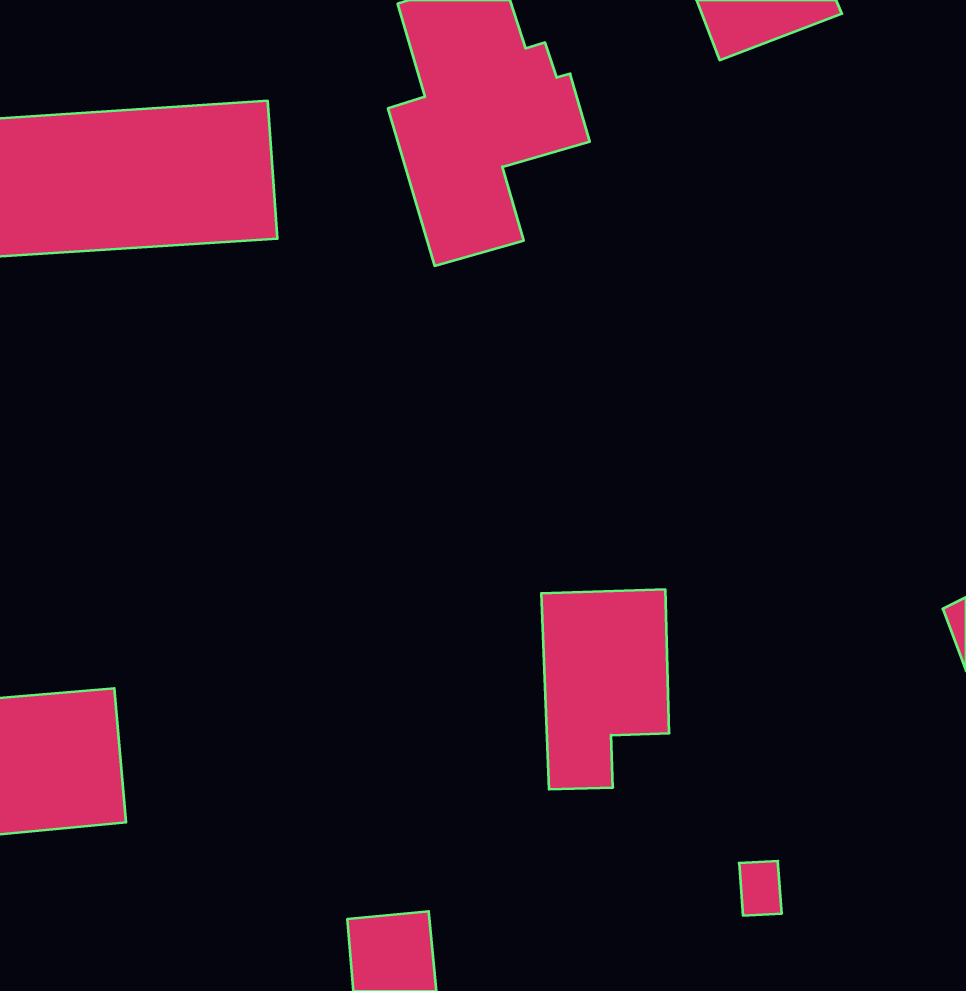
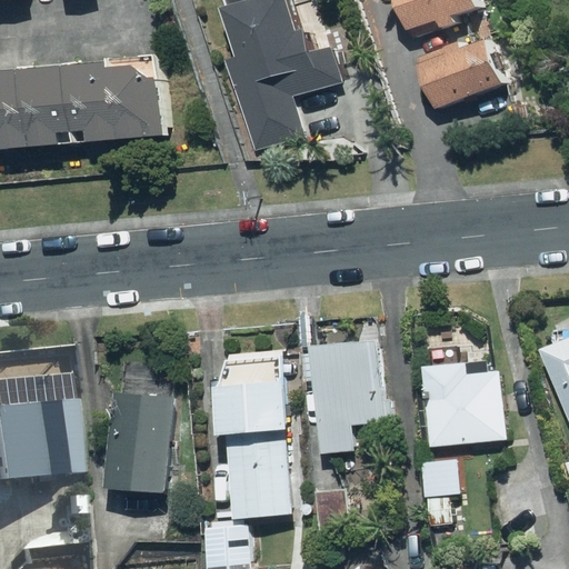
building: none -> [412,34,505,110]
building: none -> [221,351,291,516]
building: none -> [422,362,502,447]
building: none -> [107,389,173,491]

